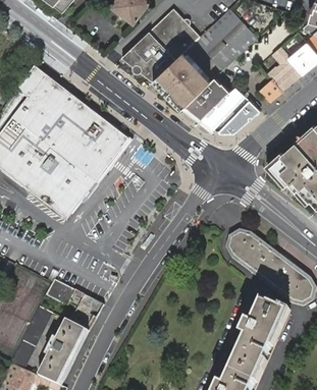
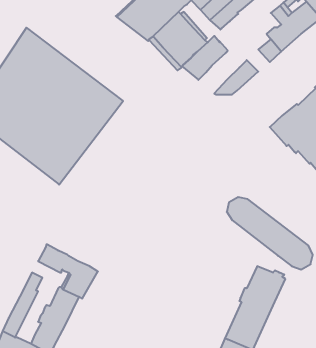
building: [202,85,249,131] -> none

